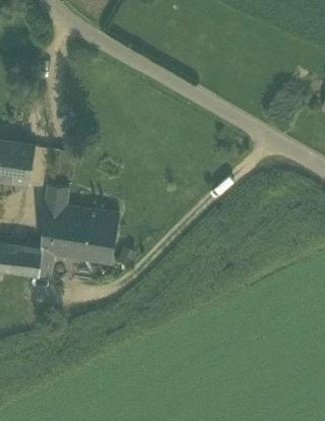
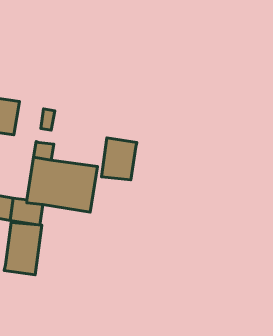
building: none -> [101,138,137,180]
building: none -> [4,222,42,275]

